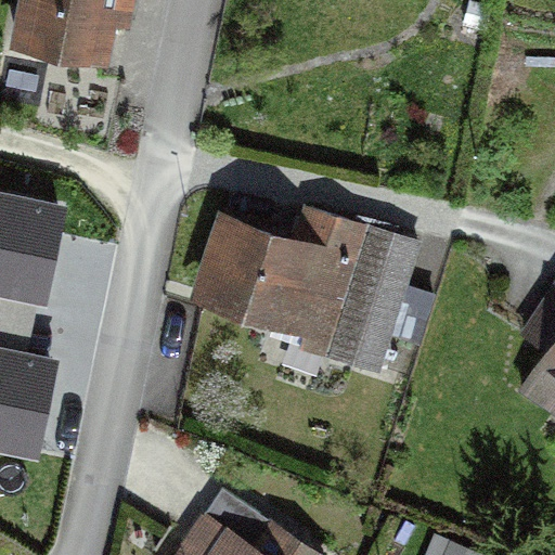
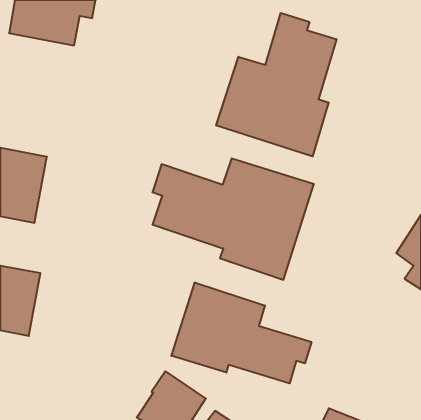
building: none -> [216,13,336,156]
building: none -> [171,282,311,383]

